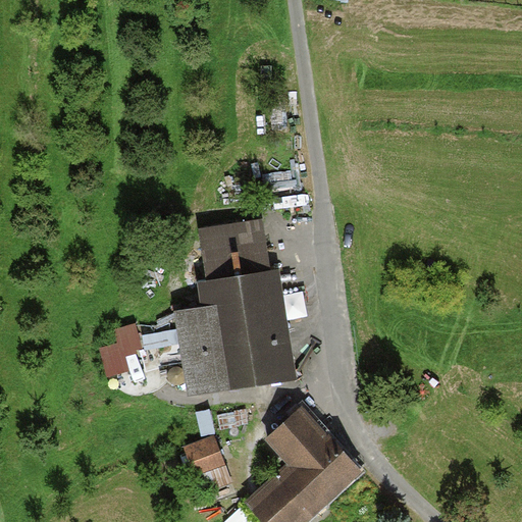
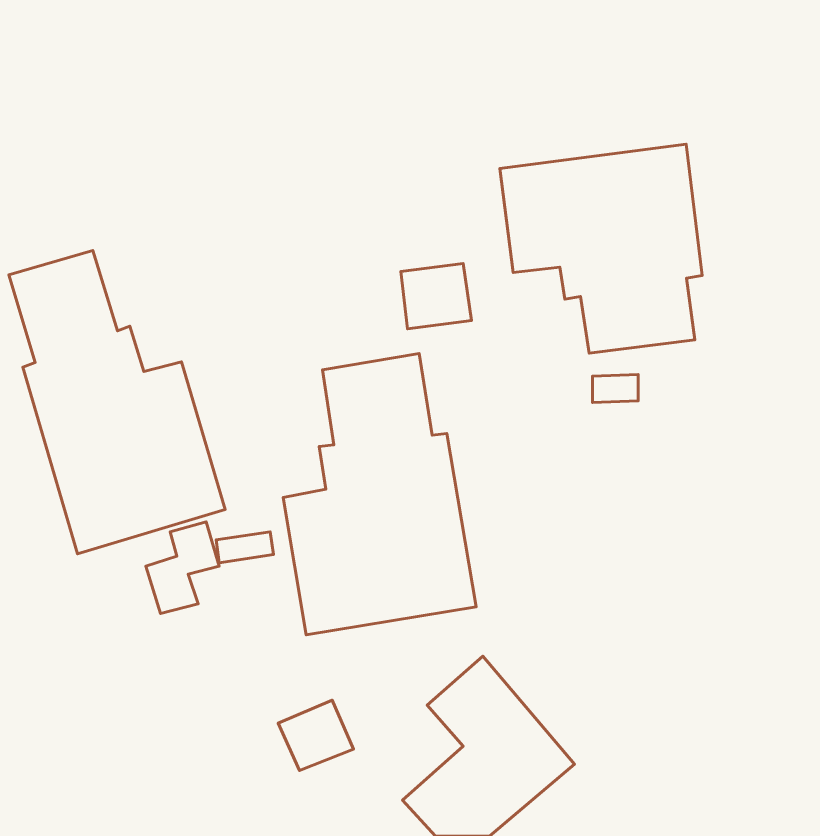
building: none -> [500,144,702,353]
building: none -> [9,250,225,554]

